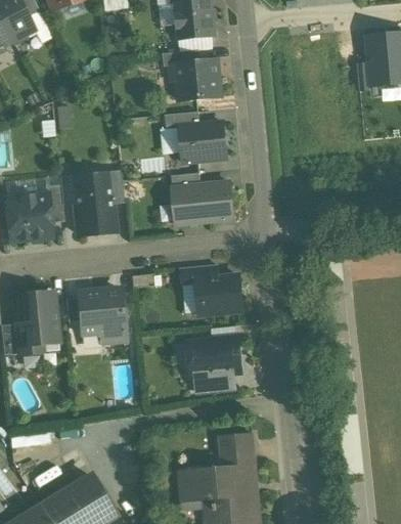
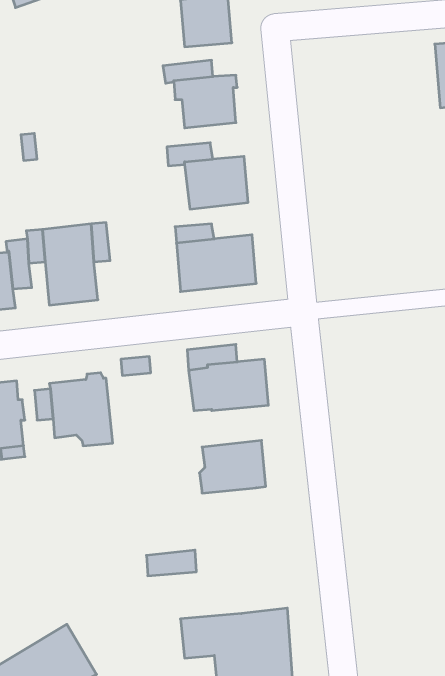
building: [196,373,234,392] -> [146,550,196,576]
building: [219,433,257,468] -> none

